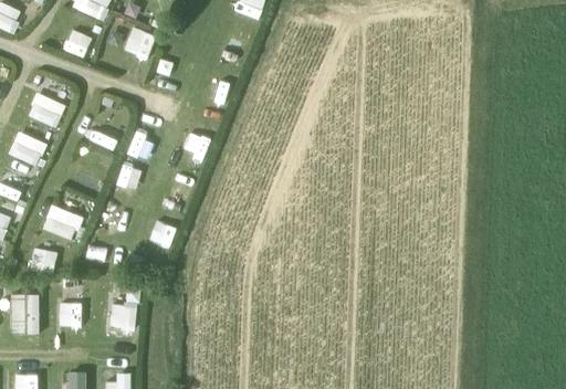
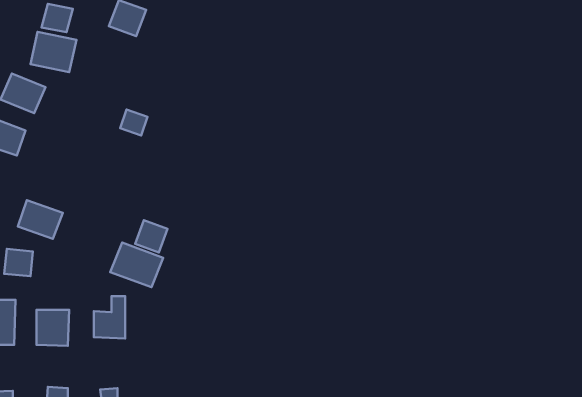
building: none -> [30,32,77,72]
building: none -> [110,243,163,287]

